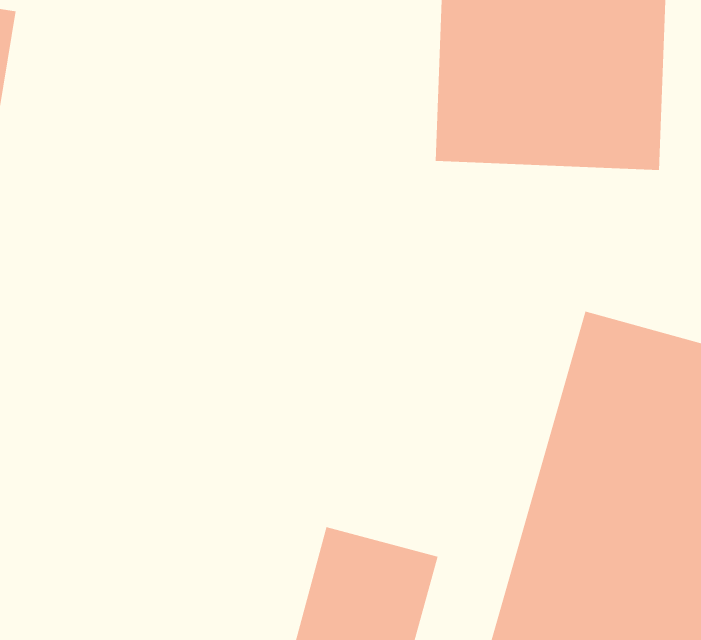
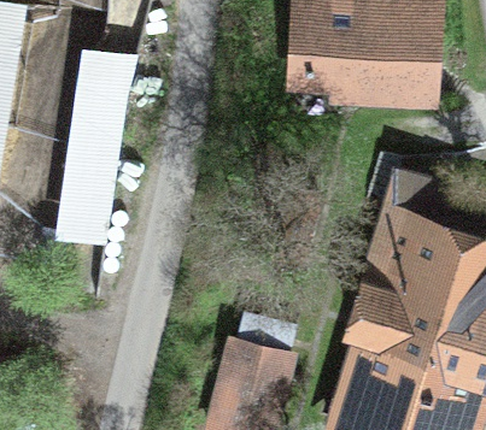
building: none -> [62,39,134,236]

